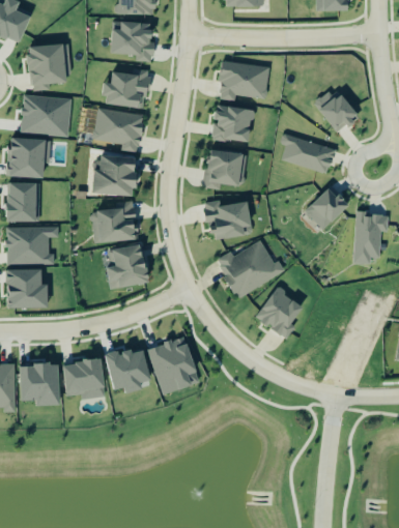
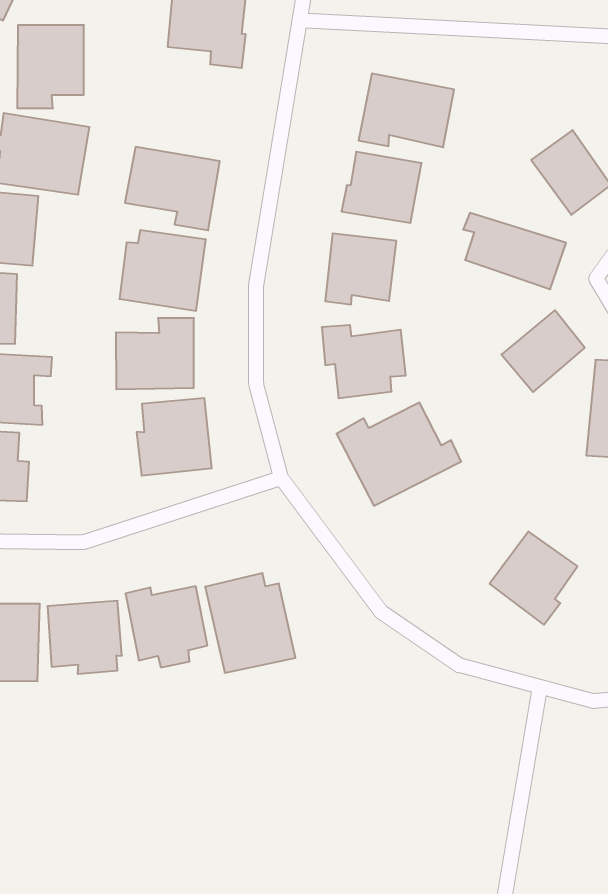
building: [104,68,150,108] -> none
building: [256,288,304,339] -> [490,531,577,625]

